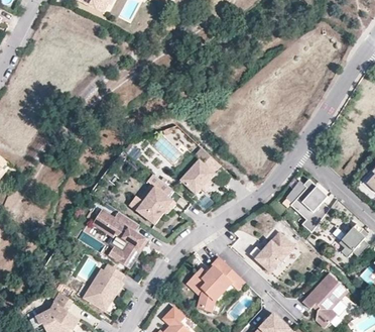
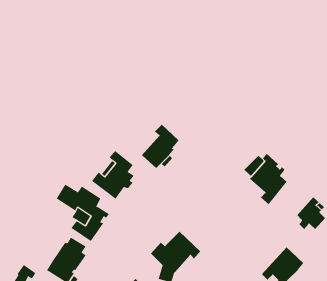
building: [248,234,293,274] -> none

